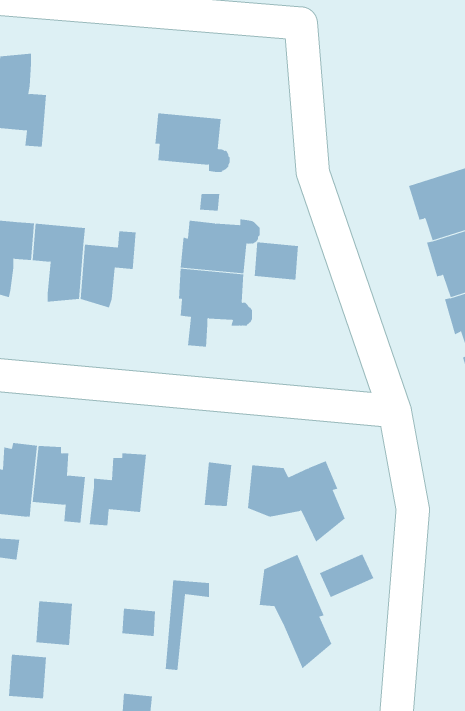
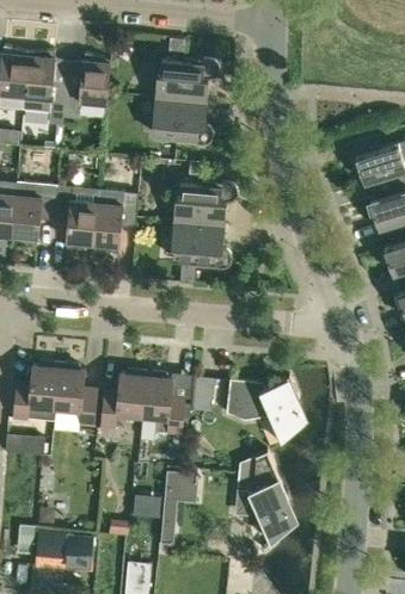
building: none -> [63,54,110,115]
building: none -> [154,60,219,103]
building: [254,242,299,280] -> none
building: none -> [141,371,184,434]
building: [319,554,374,598] -> none
building: [36,601,73,645] -> [63,533,93,569]

